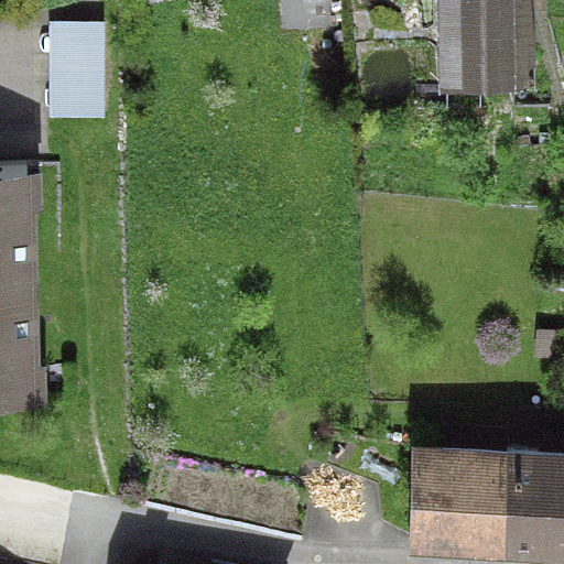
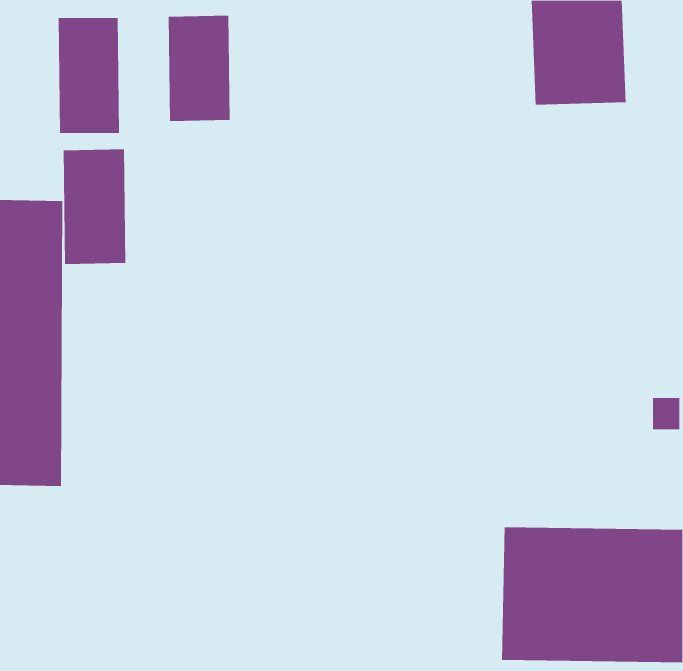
building: none -> [168,15,230,122]
building: none -> [63,148,126,265]

